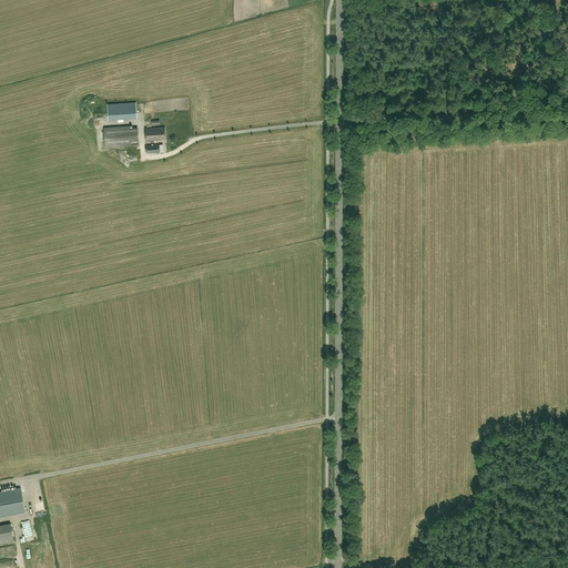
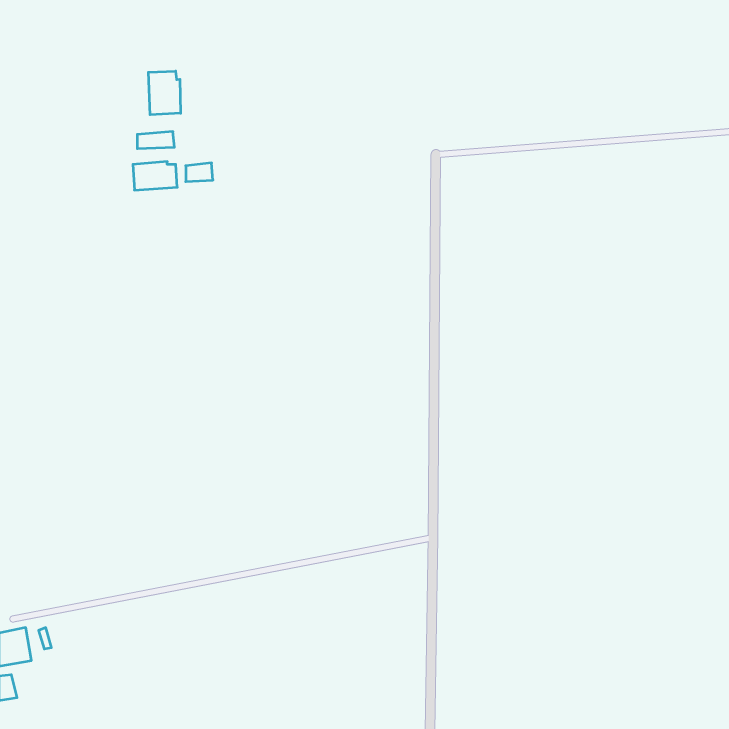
building: none -> [148,71,181,115]

